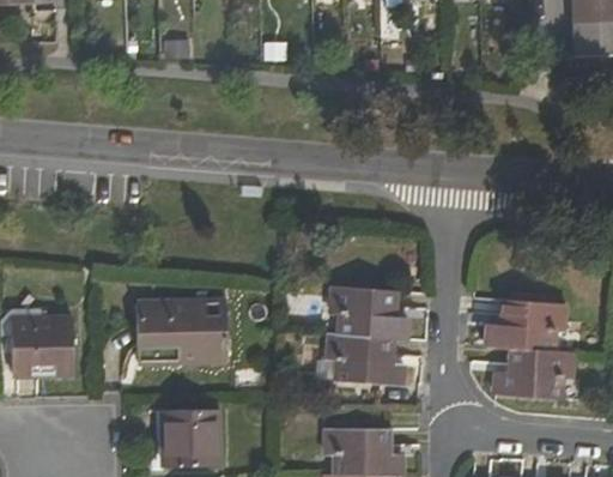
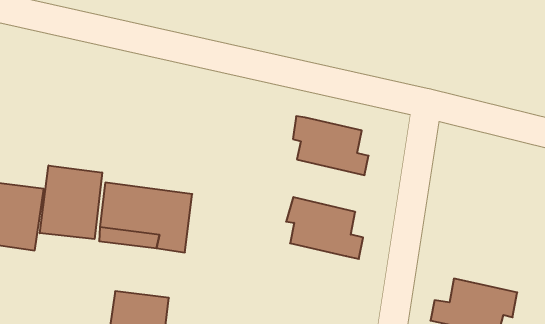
building: none -> [40,165,102,239]
building: [484,300,568,350] -> none
building: [324,334,405,385] -> [293,116,369,175]

